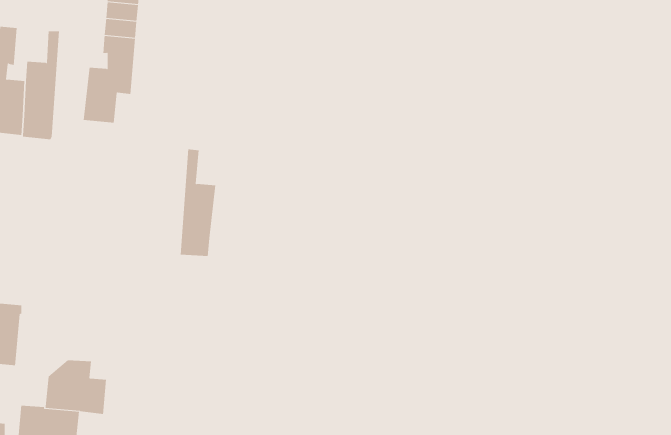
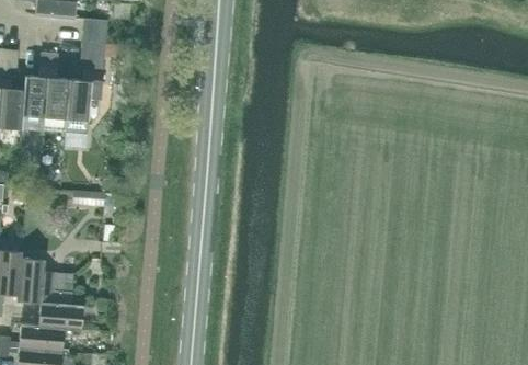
building: [180,149,216,256] -> [44,53,70,130]
building: none -> [16,258,56,303]

